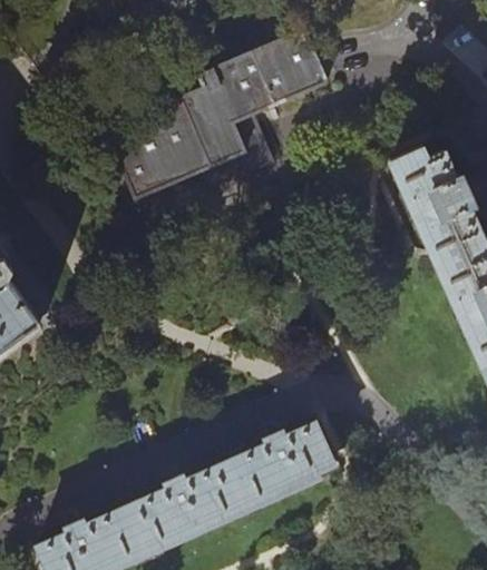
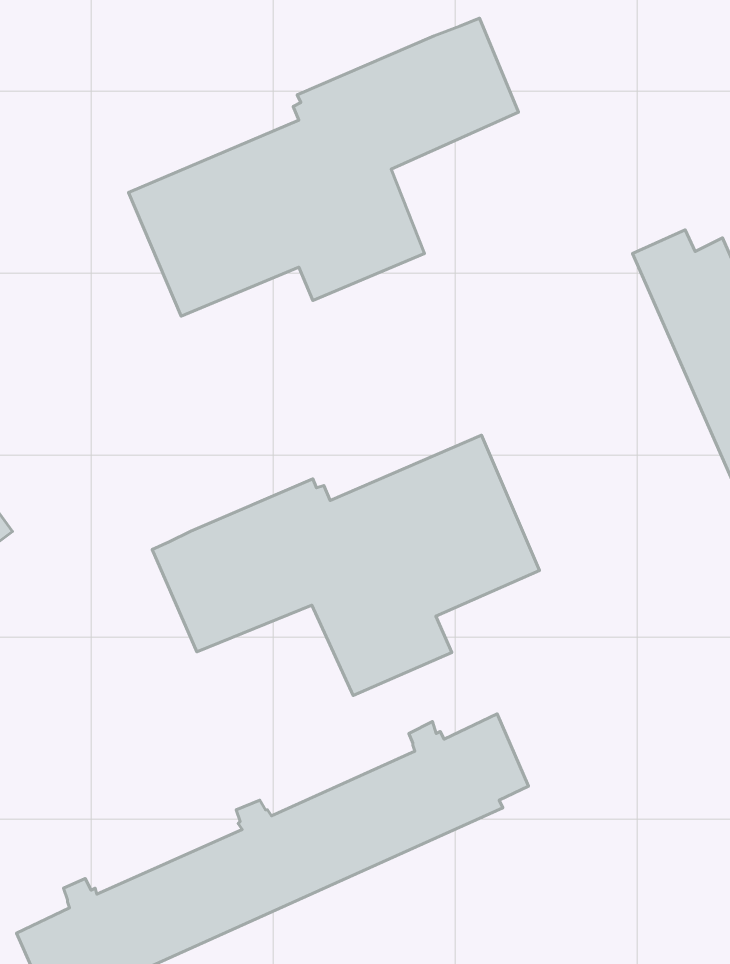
building: none -> [152,435,539,696]

